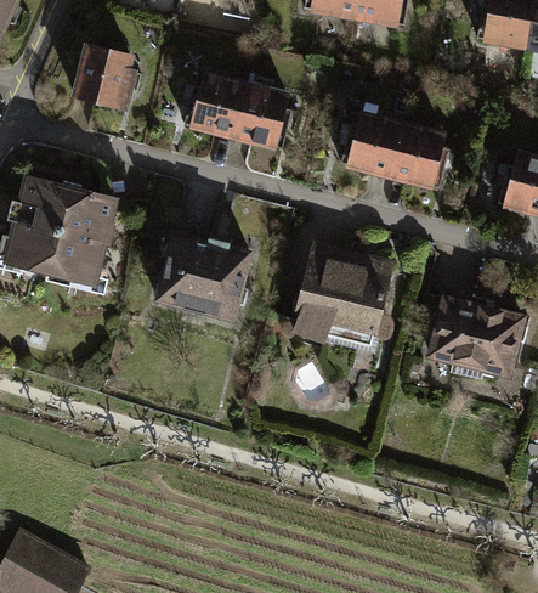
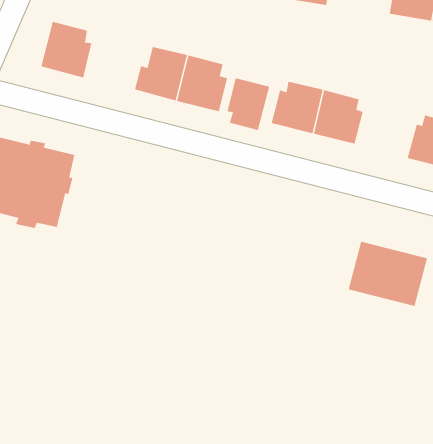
building: none -> [227,78,270,131]
building: [158,236,250,320] -> none
building: [295,247,391,341] -> none

